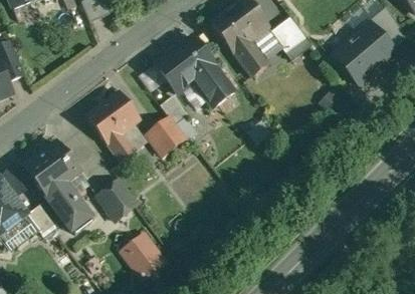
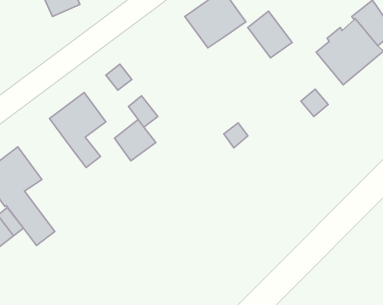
building: [155,35,233,106] -> none
building: [233,40,266,75] -> none
building: [96,180,137,220] -> none
building: [120,232,167,279] -> none

